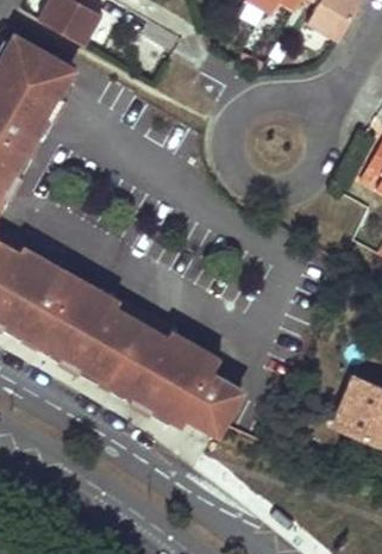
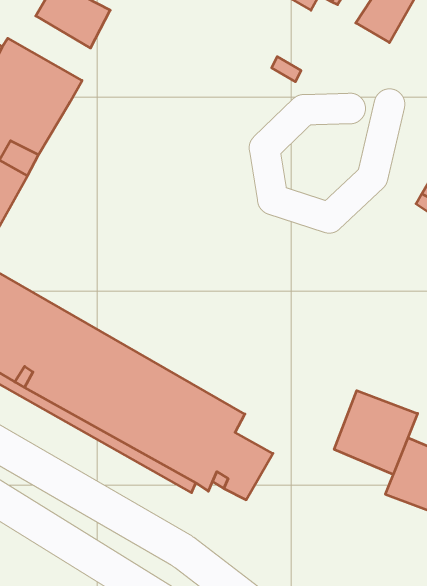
building: none -> [334,391,418,475]

